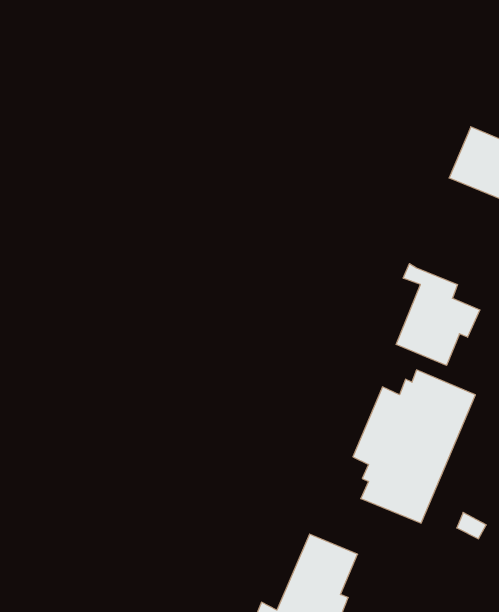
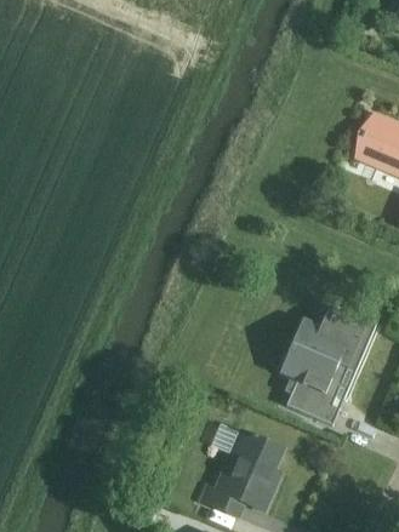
building: [396,264,480,365] -> none

